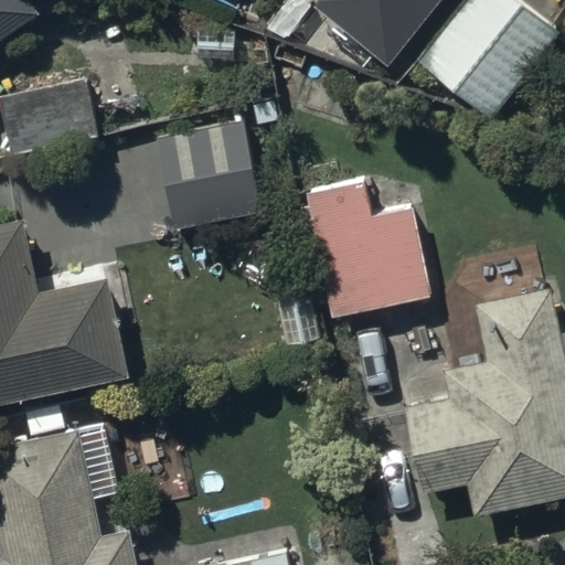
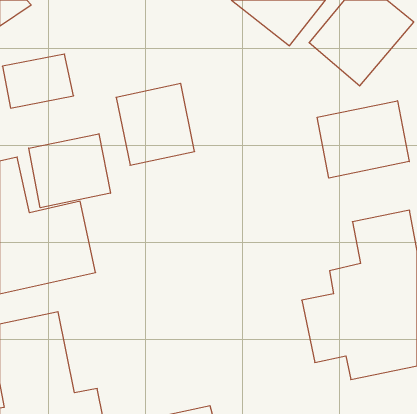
building: none -> [317,101,409,178]
building: [308,182,430,318] -> none
building: none -> [29,134,110,208]

